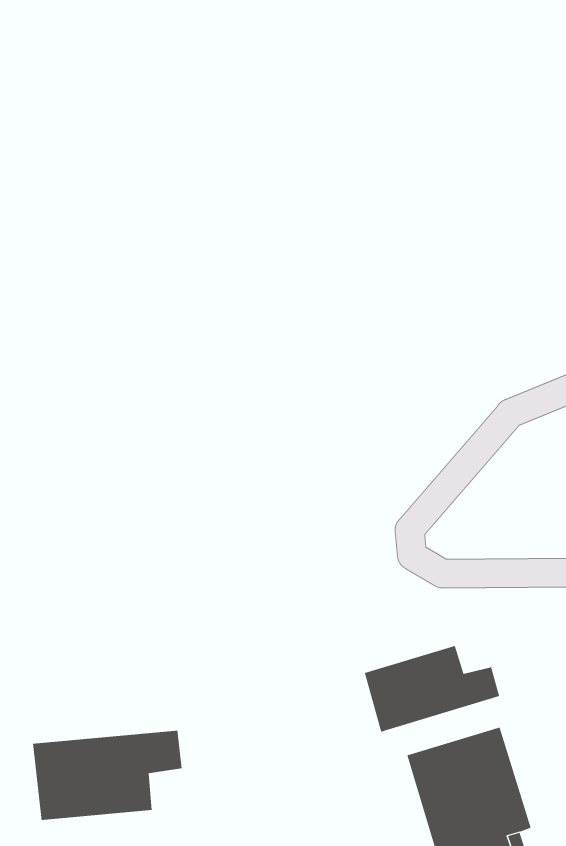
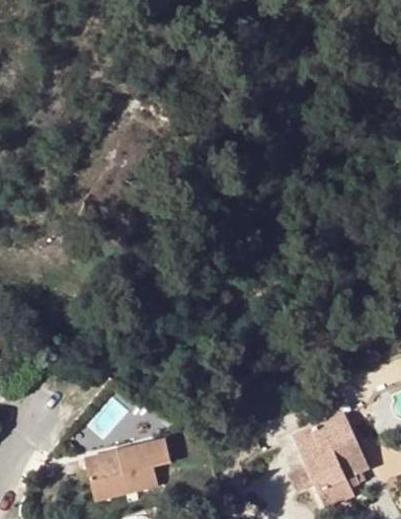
building: [364,645,500,733] -> none

